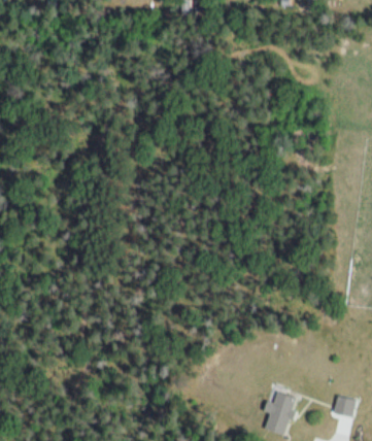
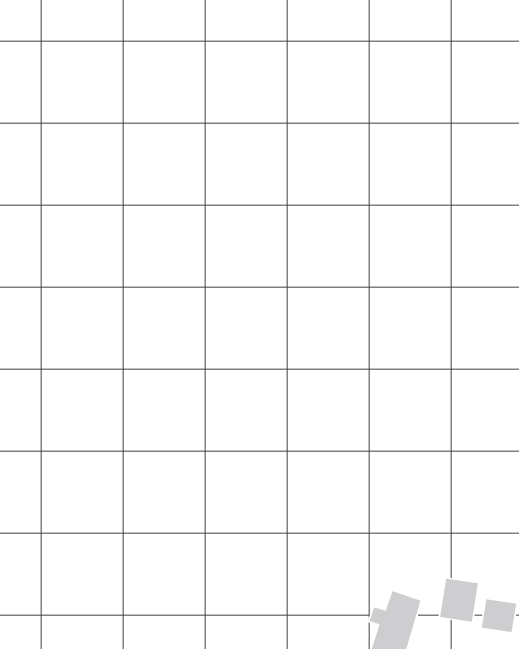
building: none -> [439,578,479,622]

